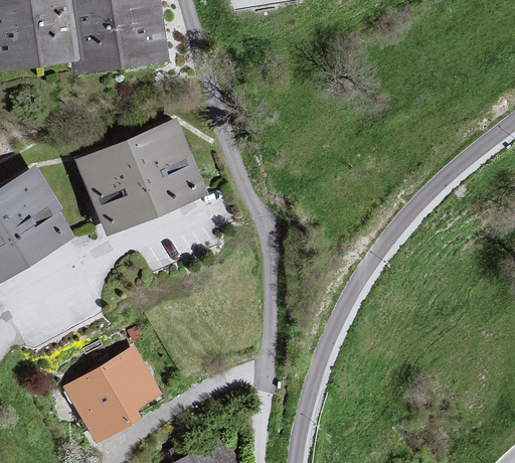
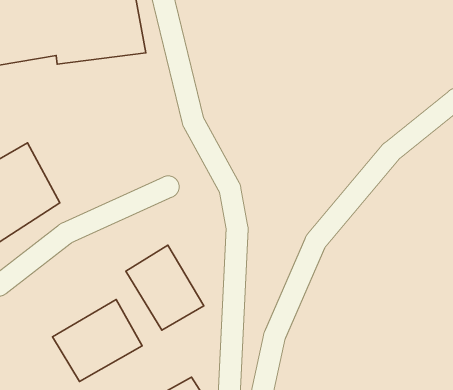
building: [74,120,203,235] -> none
building: none -> [126,245,204,330]

